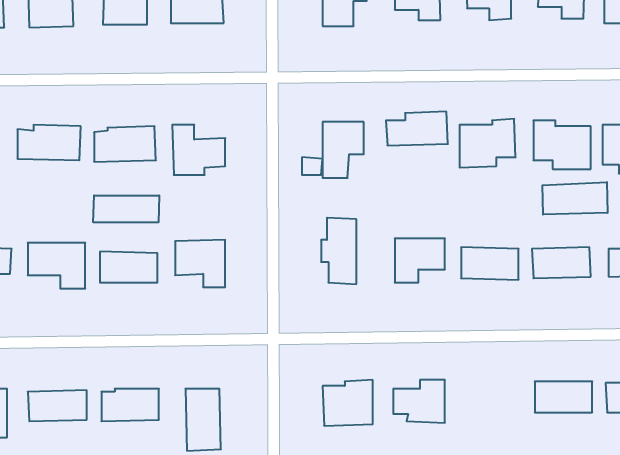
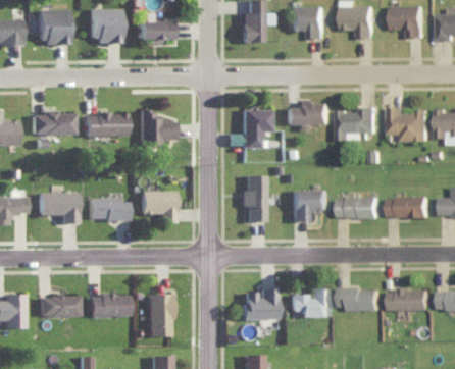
building: [542,182,608,215] -> none
building: [93,195,159,222] -> none
building: none -> [339,287,378,310]

